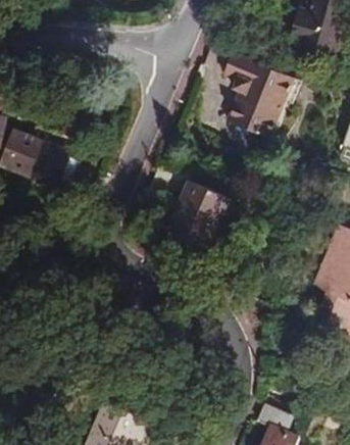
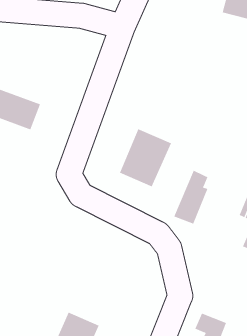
building: [222,56,292,140] -> none
building: none -> [174,170,208,225]

